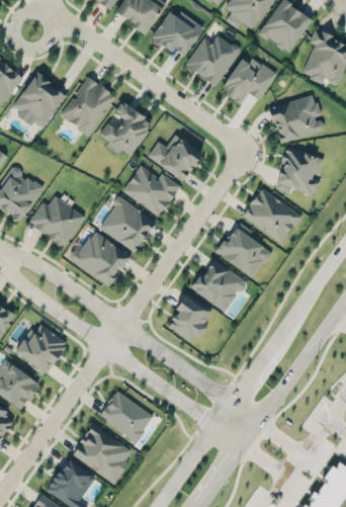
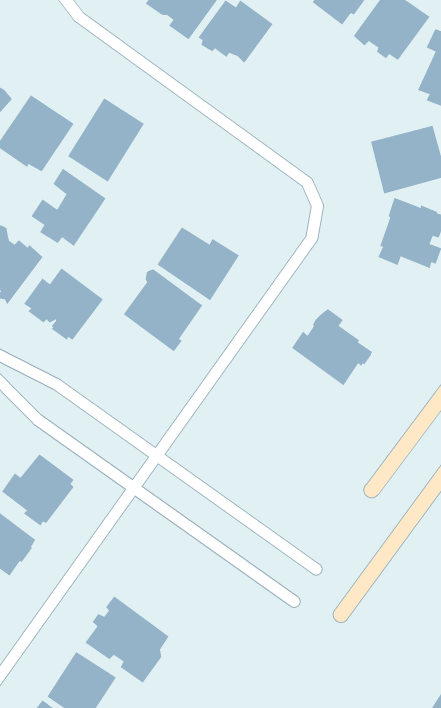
building: [185,33,241,85] -> none
building: [221,55,275,104] -> none
building: [99,102,152,157] -> [30,168,107,247]
building: [147,136,202,182] -> none
building: [242,188,302,243] -> none
building: [70,231,132,285] -> none
building: [189,259,246,312] -> none
building: [166,292,209,342] -> none
building: [98,392,154,443] -> none

